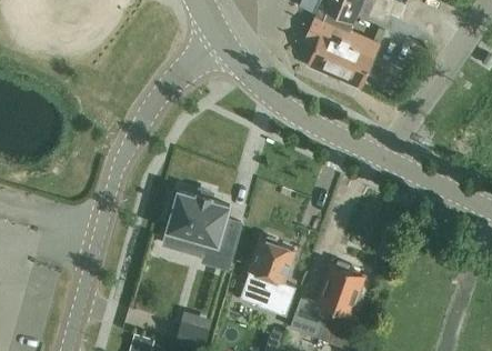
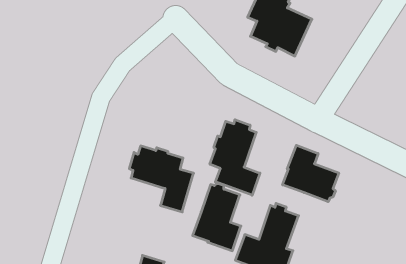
building: none -> [210,120,260,195]
building: none -> [283,145,339,202]

